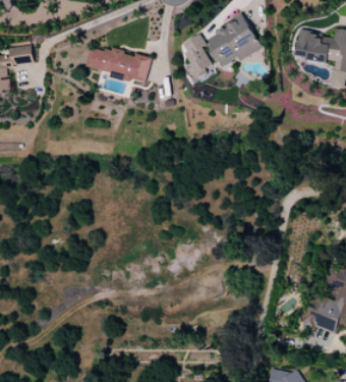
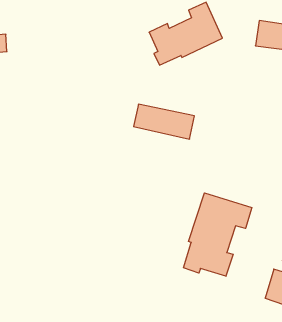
building: [85,45,150,81] -> [134,104,194,139]
building: none -> [183,193,252,276]

